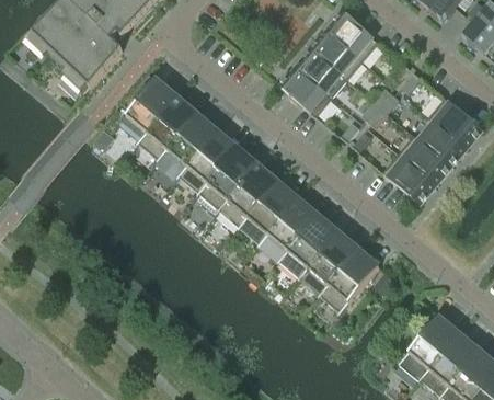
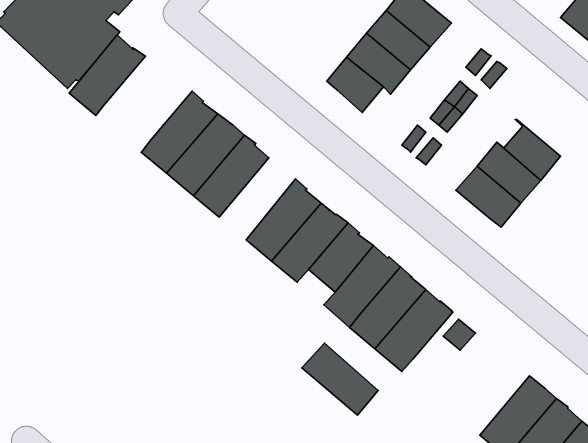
building: [118,78,177,140] -> [69,35,146,116]
building: [428,96,479,145] -> none
building: [198,146,257,209] -> none
building: none -> [302,343,378,415]

